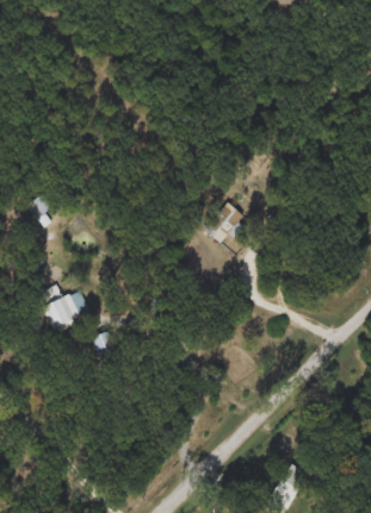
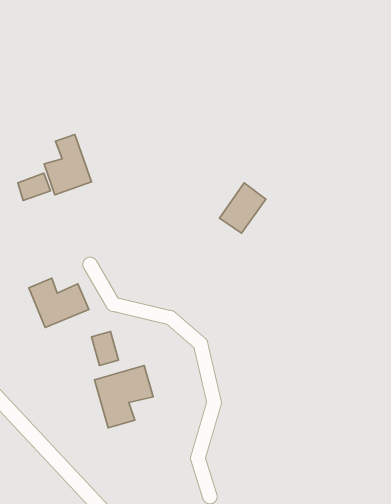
building: none -> [44,134,91,195]
building: none -> [95,365,153,428]

